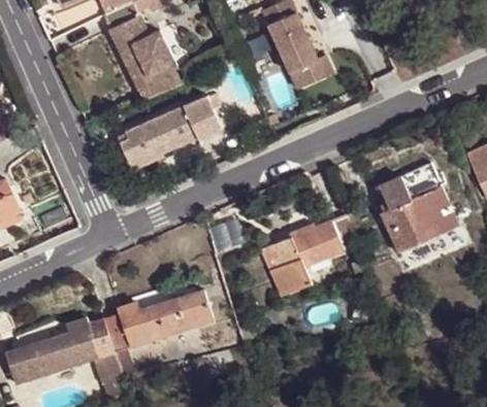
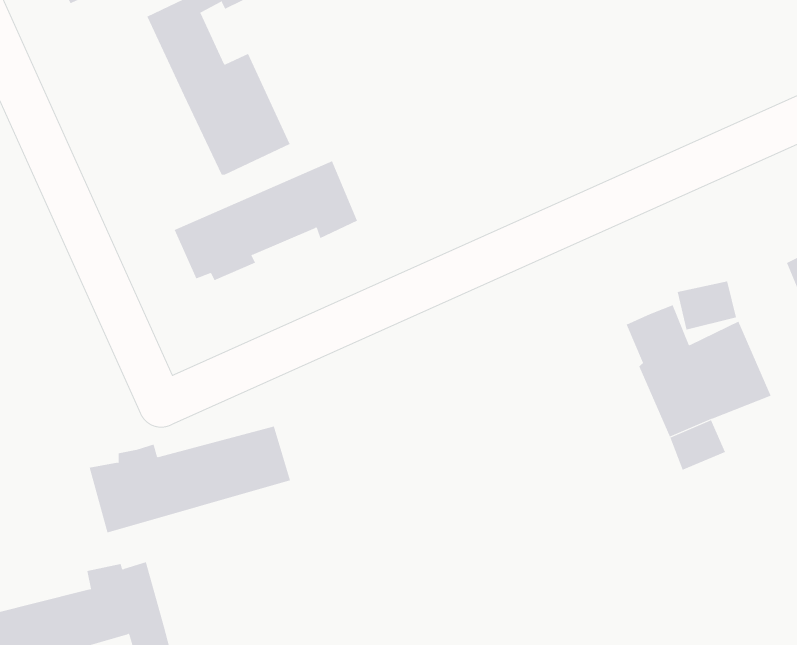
building: [267,6,331,83] -> none
building: [274,227,362,281] -> none
building: [102,296,217,357] -> [89,426,291,533]

